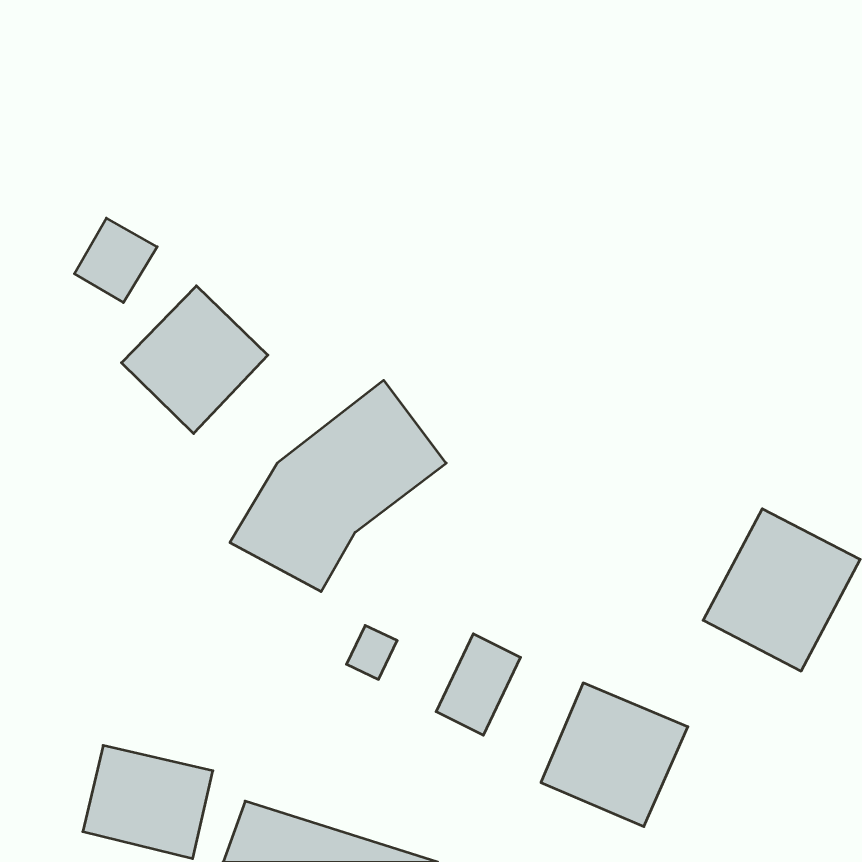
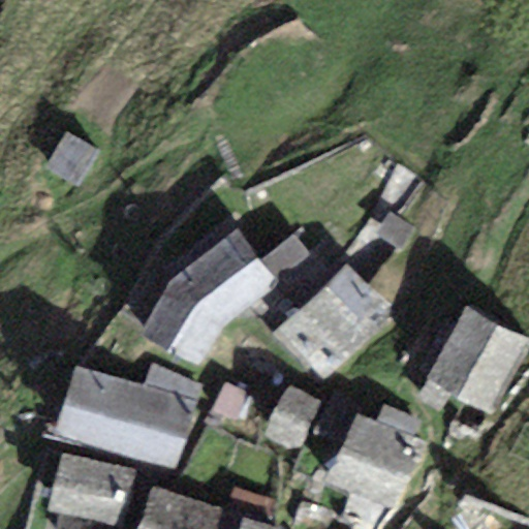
building: [121,286,268,434] -> none
building: none -> [279,268,390,378]
building: none -> [57,370,190,465]

